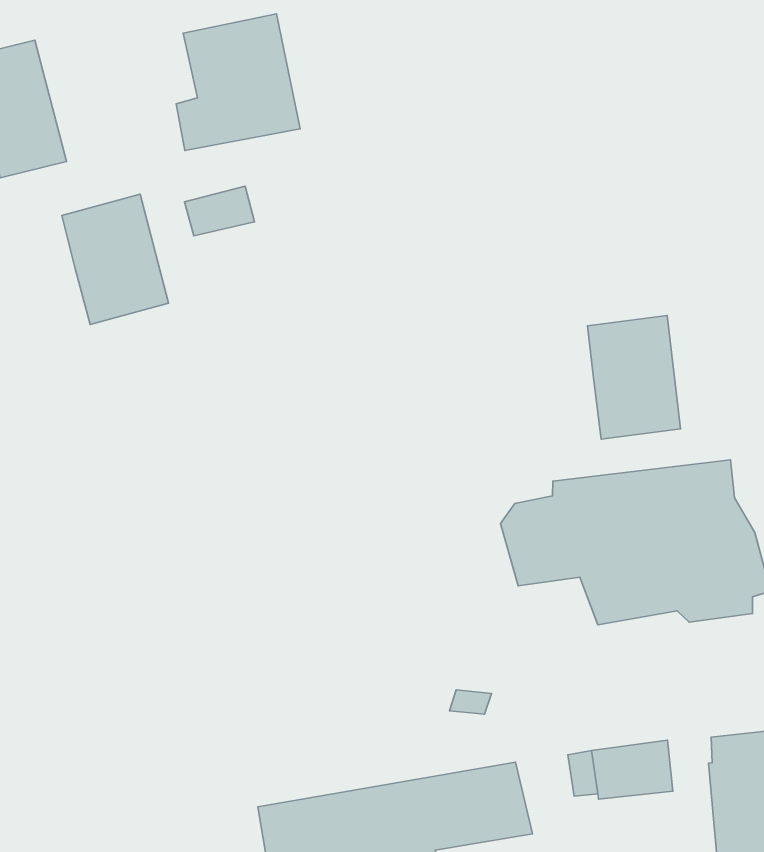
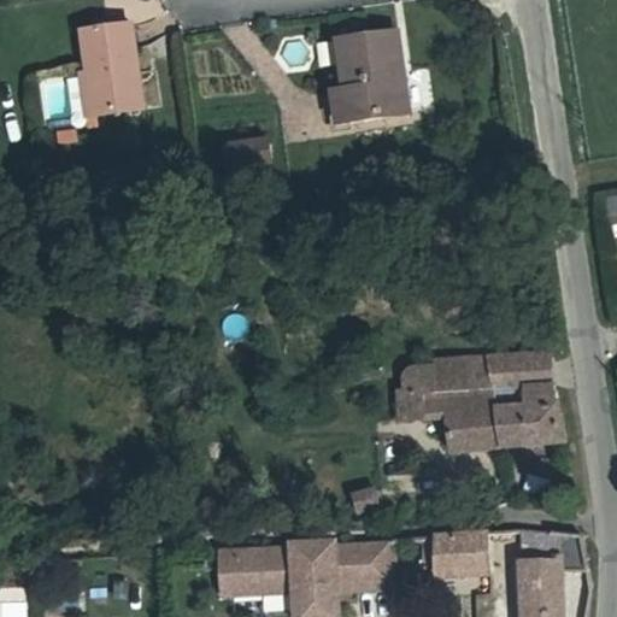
building: [176,14,300,150] -> [324,37,404,121]
building: [62,194,168,324] -> none
building: [588,316,681,439] -> none

